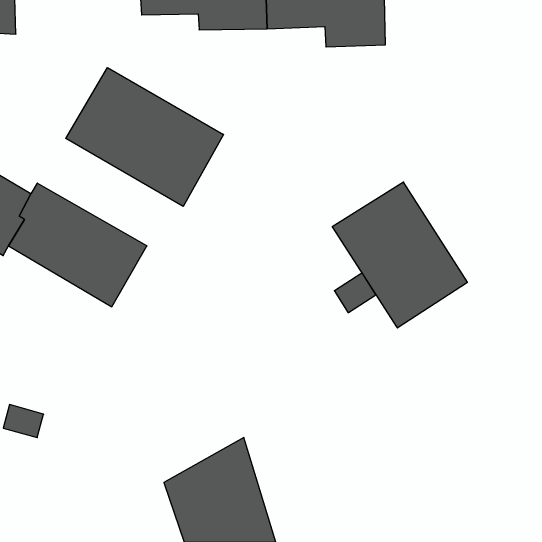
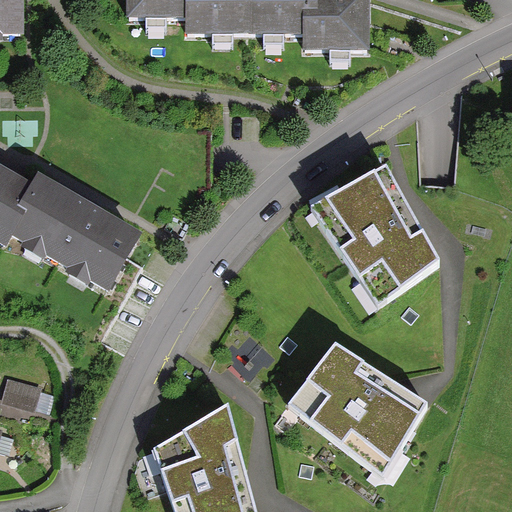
building: [66,68,224,206] -> none
building: [334,273,376,313] -> none
building: none -> [291,349,428,477]

